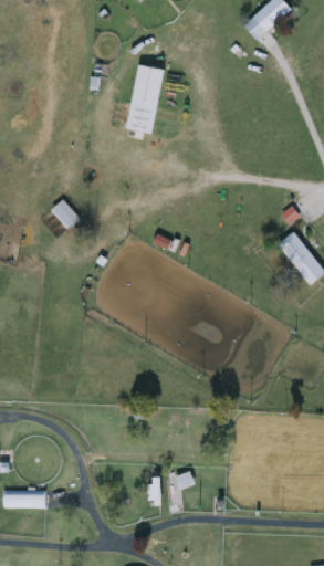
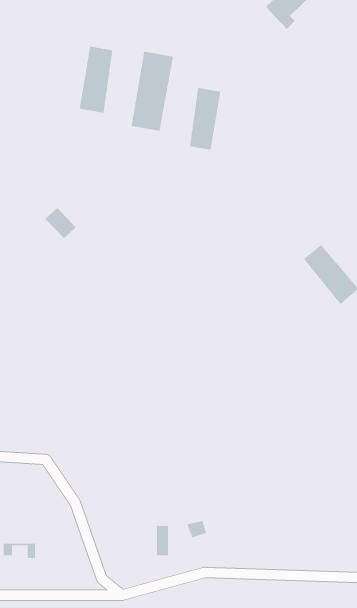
building: none -> [79,46,113,114]
building: none -> [189,87,221,151]

